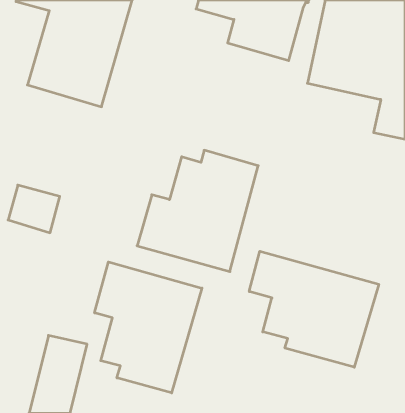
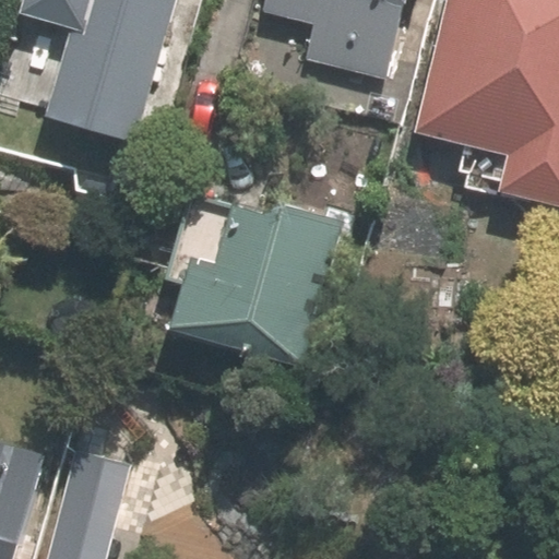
building: [249,251,379,367] -> none
building: [95,262,202,393] -> none

